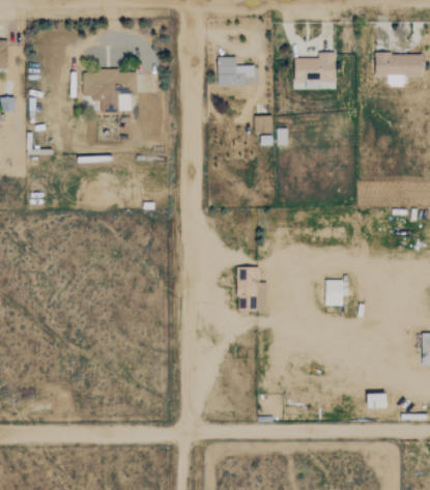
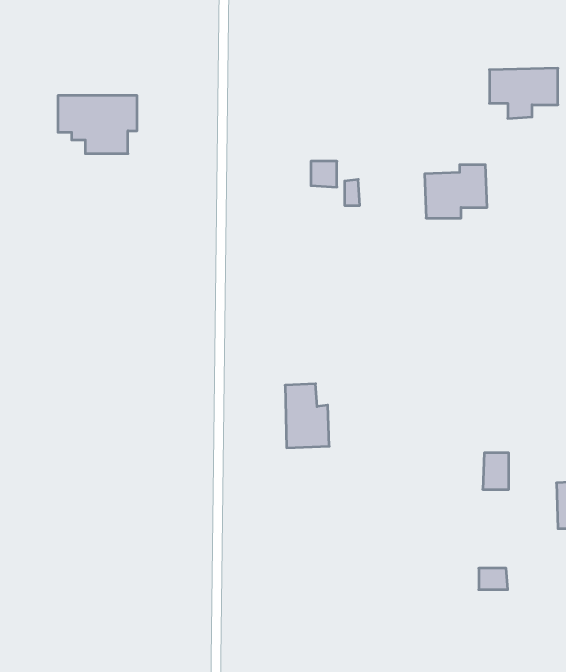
building: [293,53,336,89] -> [425,165,487,218]
building: [217,57,254,87] -> none
building: [324,281,342,306] -> [483,453,509,489]

